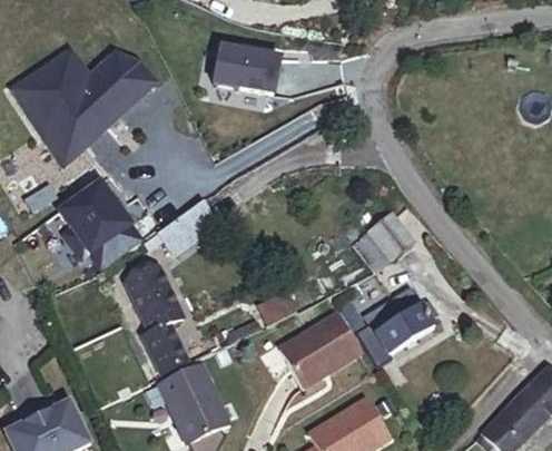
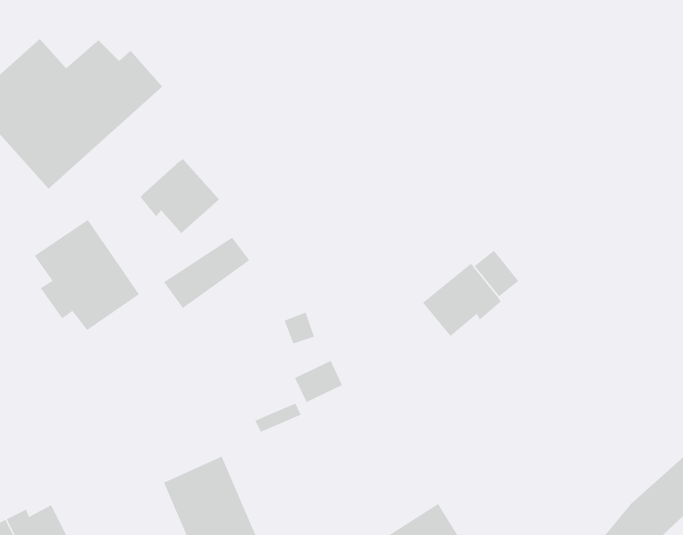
building: [213,46,273,101] -> none
building: none -> [140,158,220,234]
building: [124,265,188,374] -> none
building: [365,285,436,351] -> none
building: [279,316,361,390] -> none

